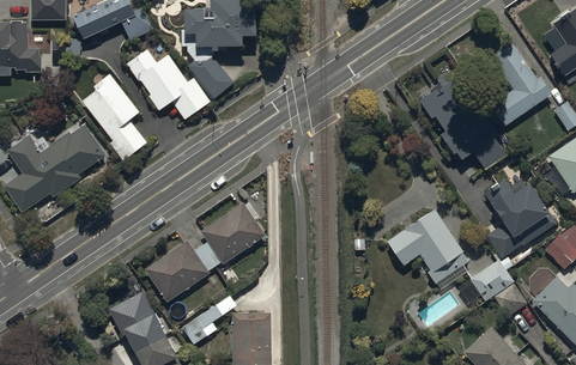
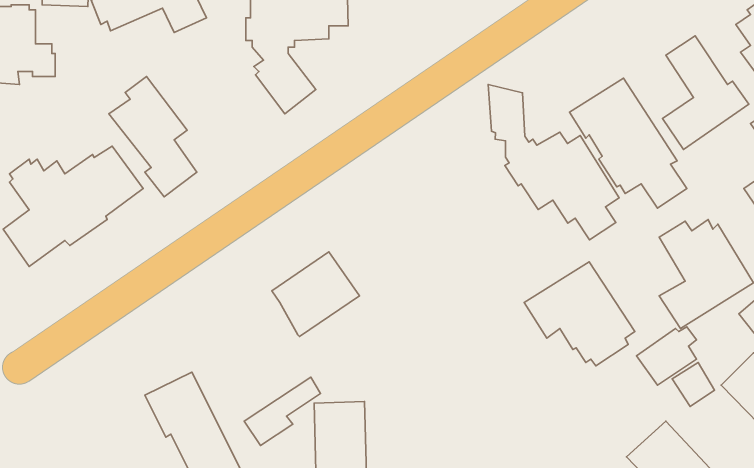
building: [126,49,208,118] -> none
building: none -> [488,84,619,240]
building: [143,238,220,303] -> none

